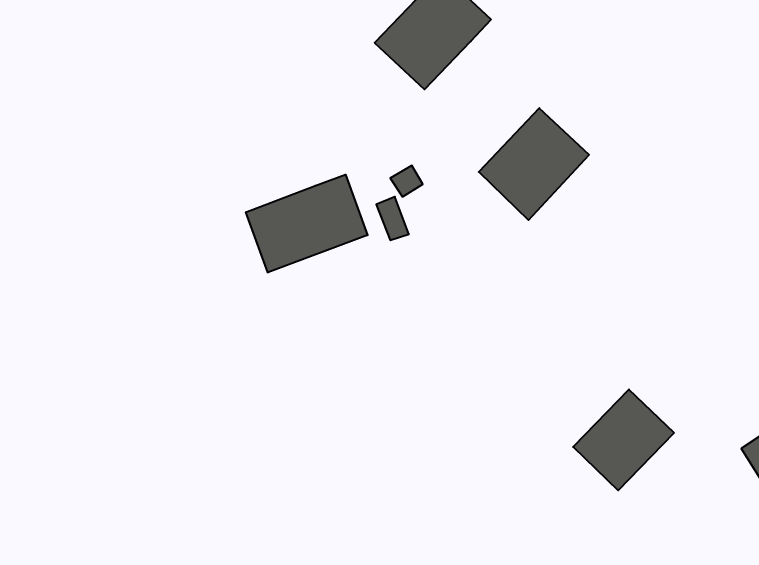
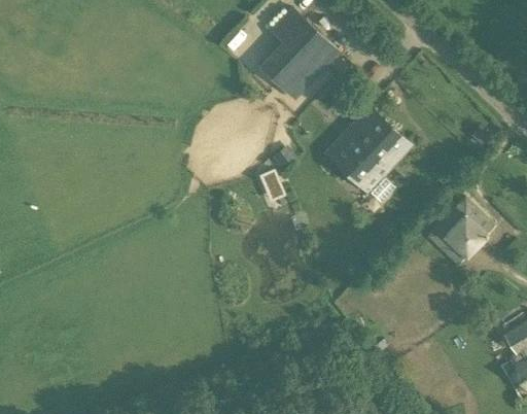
building: [246,175,368,273] -> none
building: [573,389,674,490] -> [427,199,494,266]

